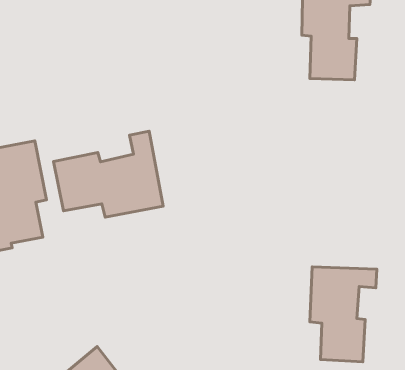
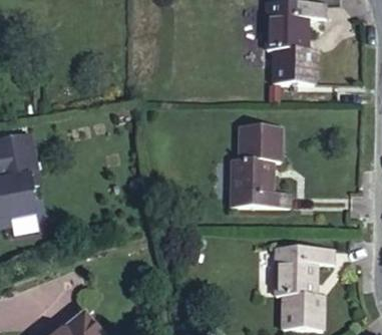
building: none -> [231,123,289,206]
building: [54,131,163,217] -> none

